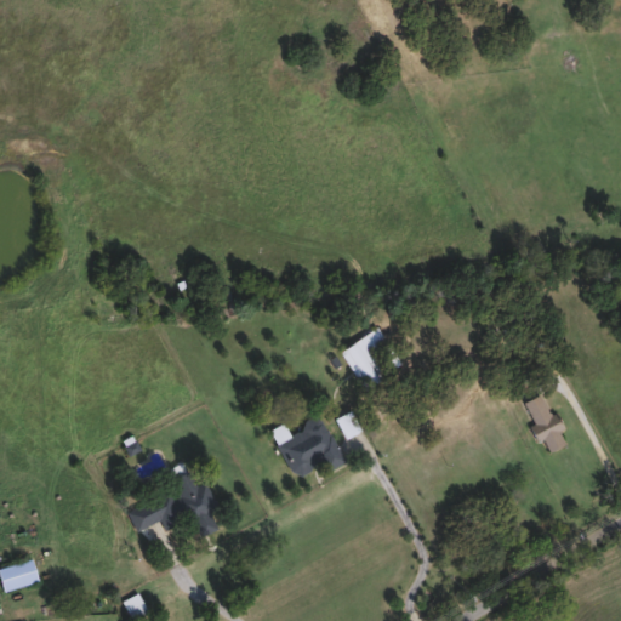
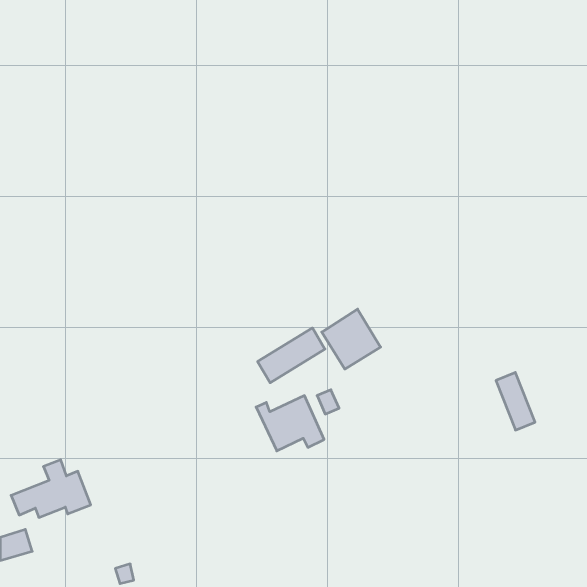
building: none -> [258,328,325,383]
building: [136,471,220,531] -> [11,460,91,517]

